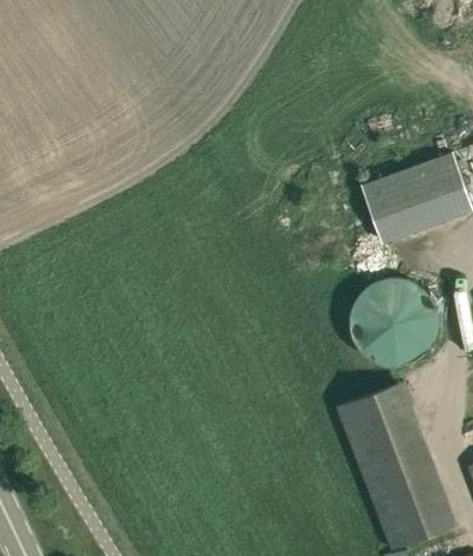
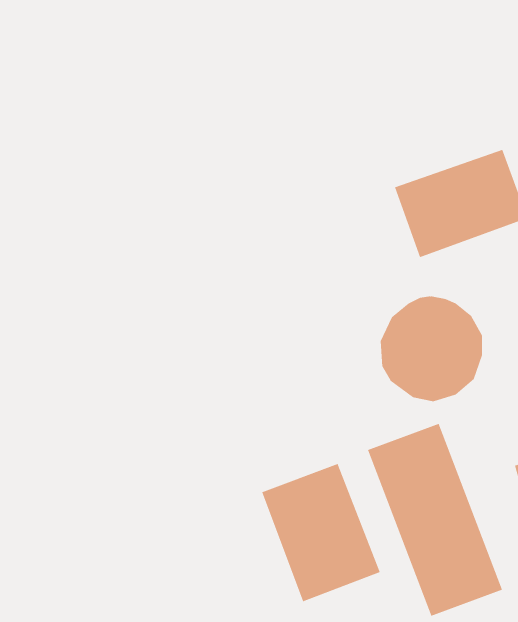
building: none -> [261,463,381,602]

